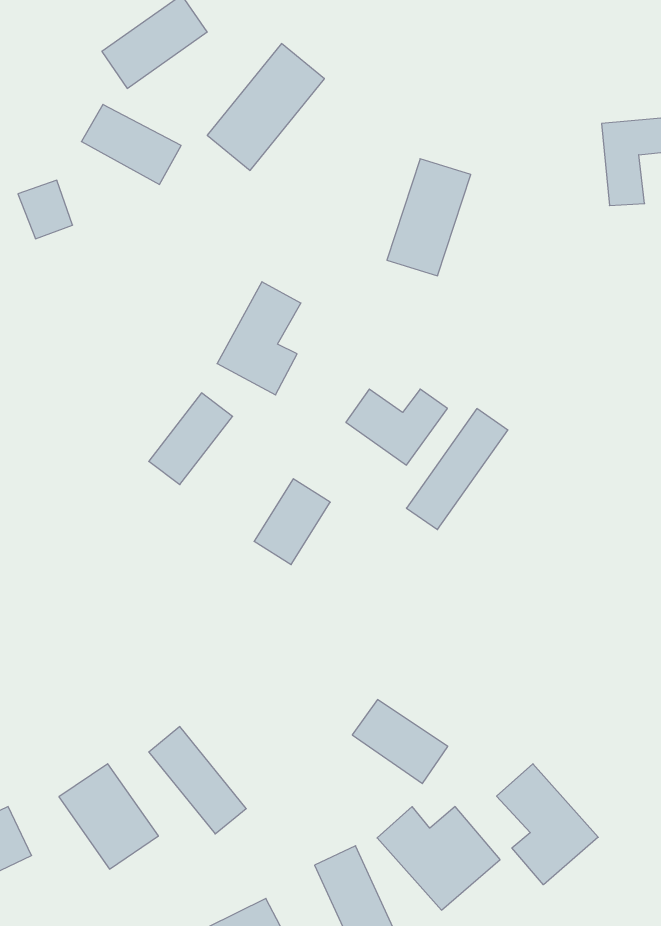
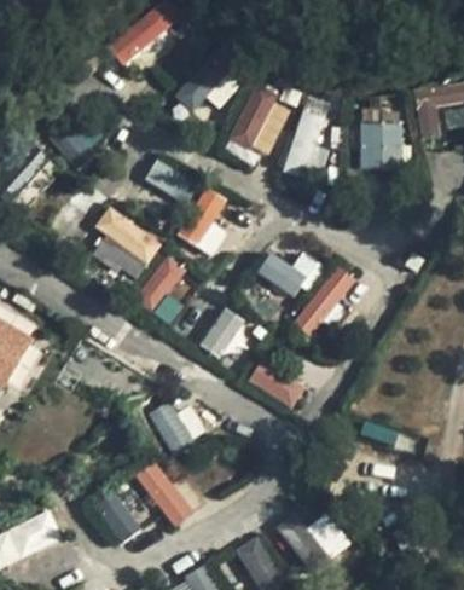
building: [81,104,181,184] -> [144,157,205,207]
building: none -> [225,86,292,162]
building: none -> [359,121,402,170]
building: none -> [87,209,162,279]
building: none -> [145,400,205,453]
building: [352,700,448,784] -> [246,358,306,410]
building: [497,764,598,885] -> none

